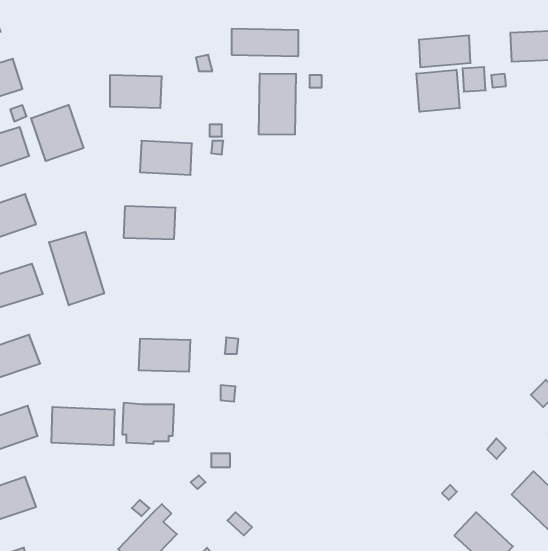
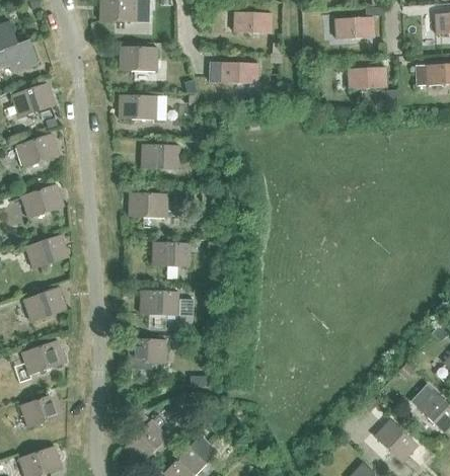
building: none -> [119,46,157,71]
building: [416,70,460,112] -> none
building: [259,73,296,135] -> none
building: [31,105,83,161] -> none
building: [49,232,104,305] -> none
building: none -> [152,242,191,279]
building: [52,407,114,445] -> none

